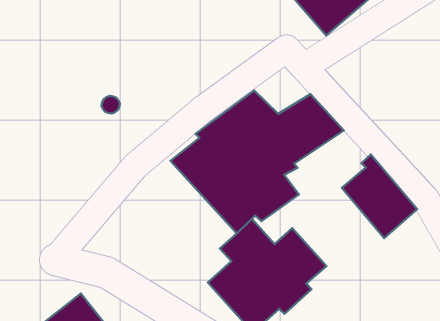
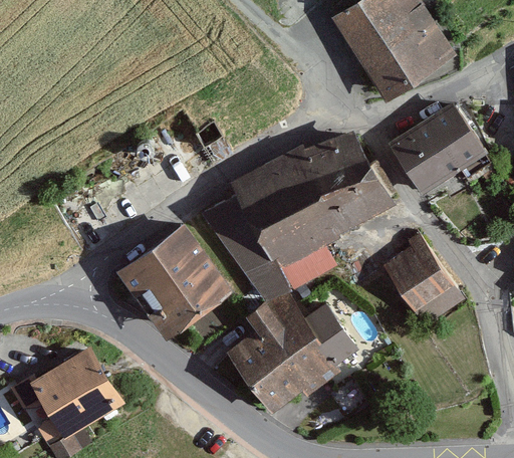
building: none -> [392,102,494,191]
building: none -> [301,132,361,178]
building: none -> [117,223,232,337]

